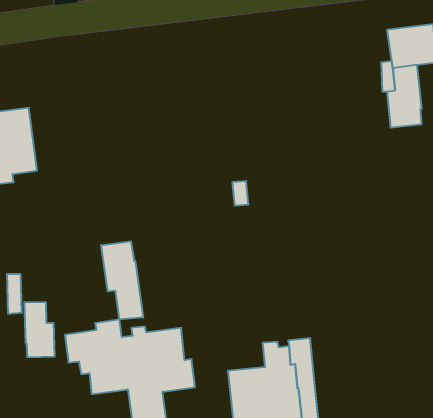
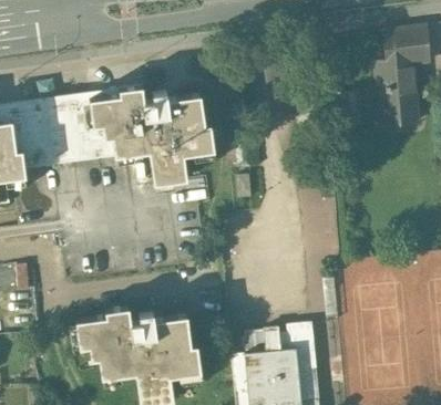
building: none -> [41,84,214,183]
building: [101,241,143,320] -> none
building: [25,302,55,357] -> none

